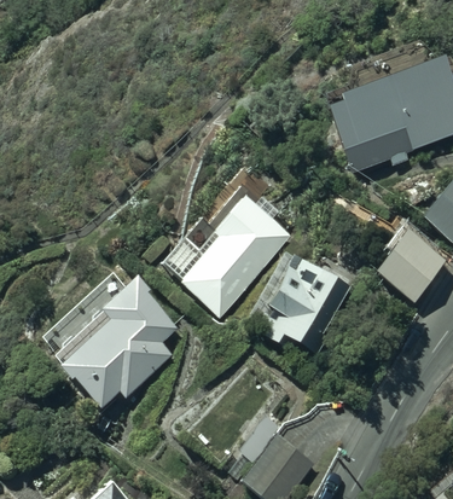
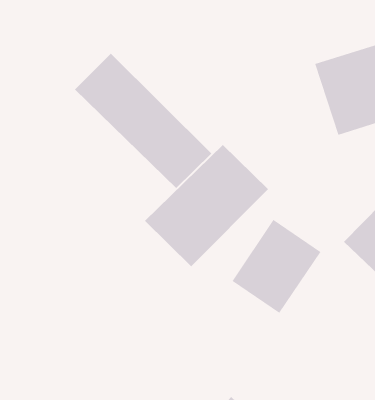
building: none -> [74,53,212,189]
building: [62,280,176,406] -> none

